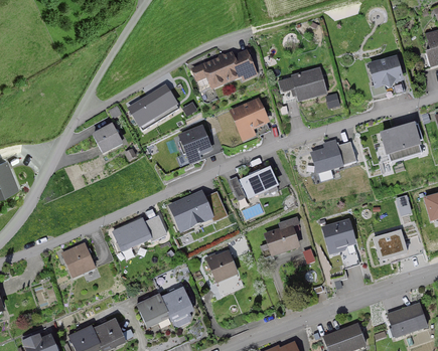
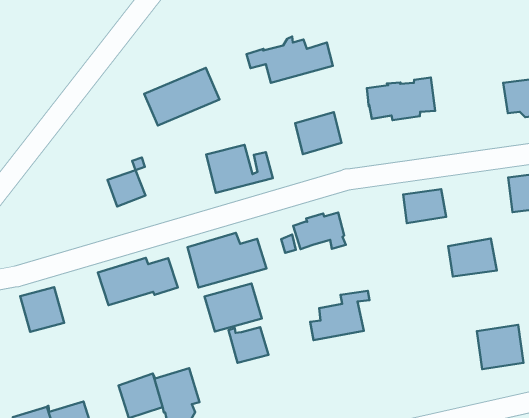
building: [93,126,120,152] -> [107,170,145,206]
building: [321,219,356,248] -> [448,239,497,277]
building: none -> [204,283,262,332]

